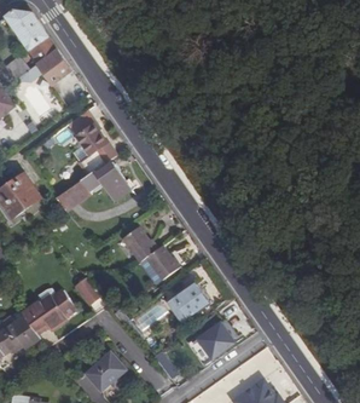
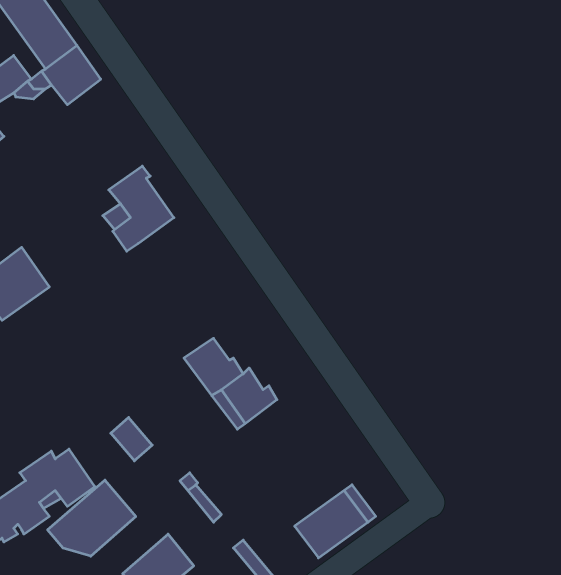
building: [57,161,130,211] -> none
building: [166,282,209,323] -> none
building: none -> [48,480,136,556]

